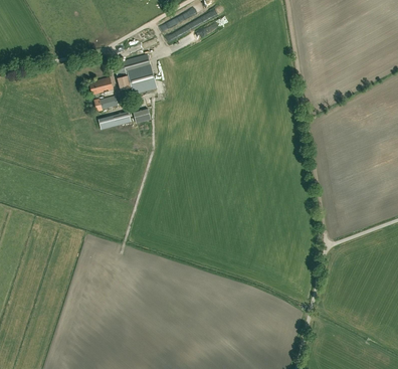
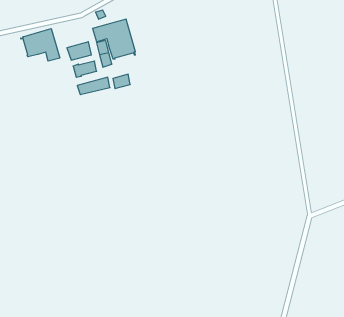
building: none -> [21,29,60,61]

